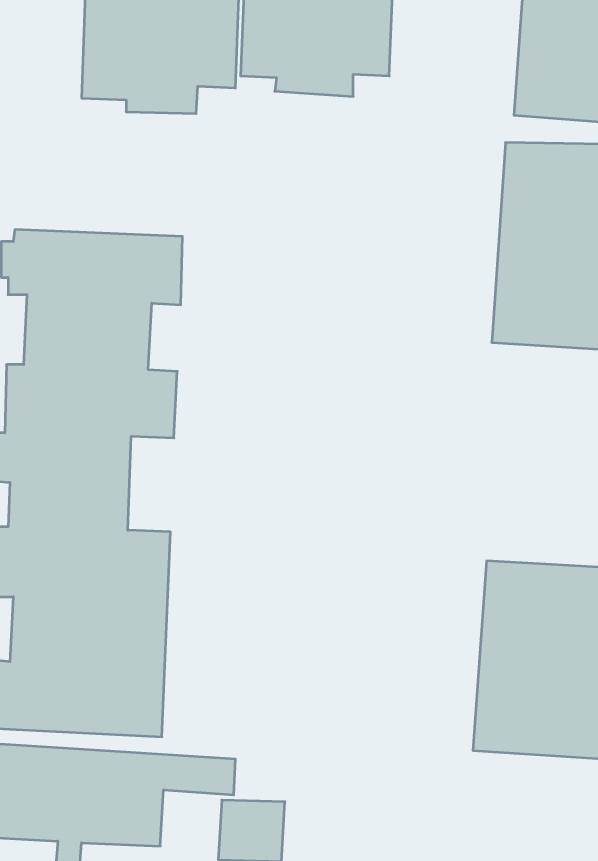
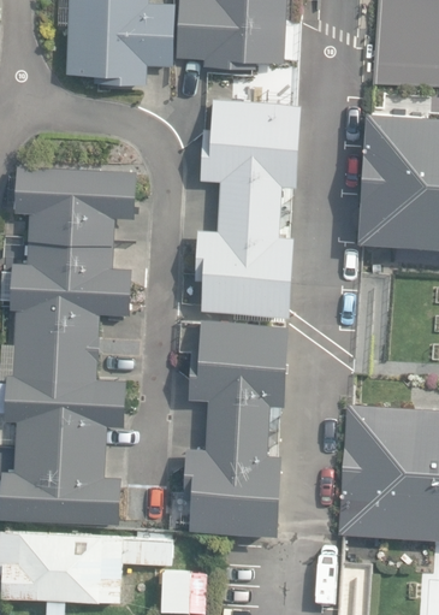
building: none -> [197,105,298,315]
building: none -> [183,321,289,534]

